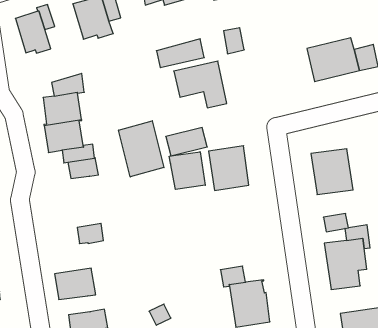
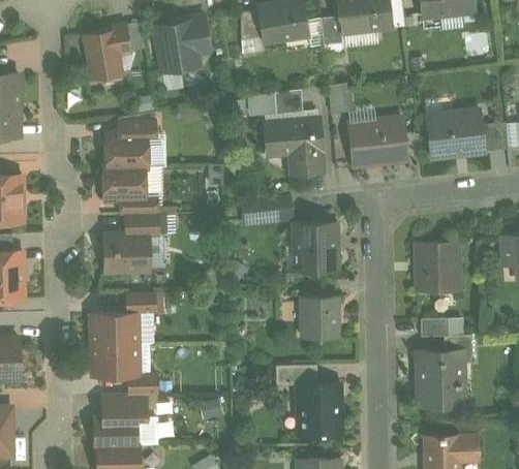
building: none -> [349,117,405,166]
building: [119,121,164,177] -> none
building: [169,152,205,189] -> none
building: none -> [104,234,149,271]
building: none -> [301,296,338,338]
building: none -> [92,313,136,345]
building: none -> [128,374,157,396]

